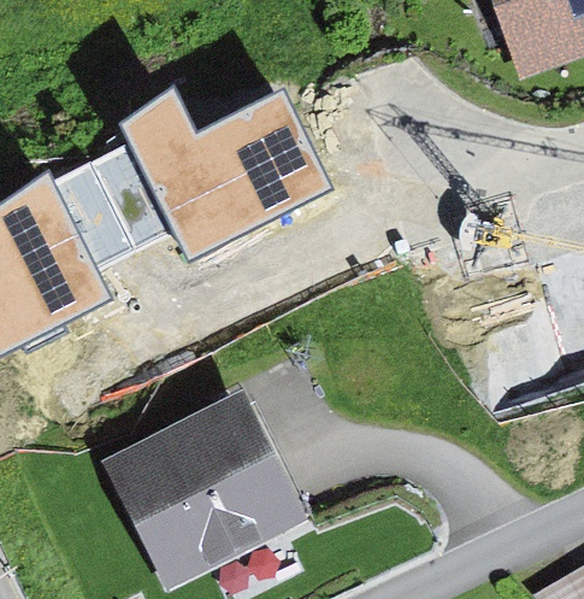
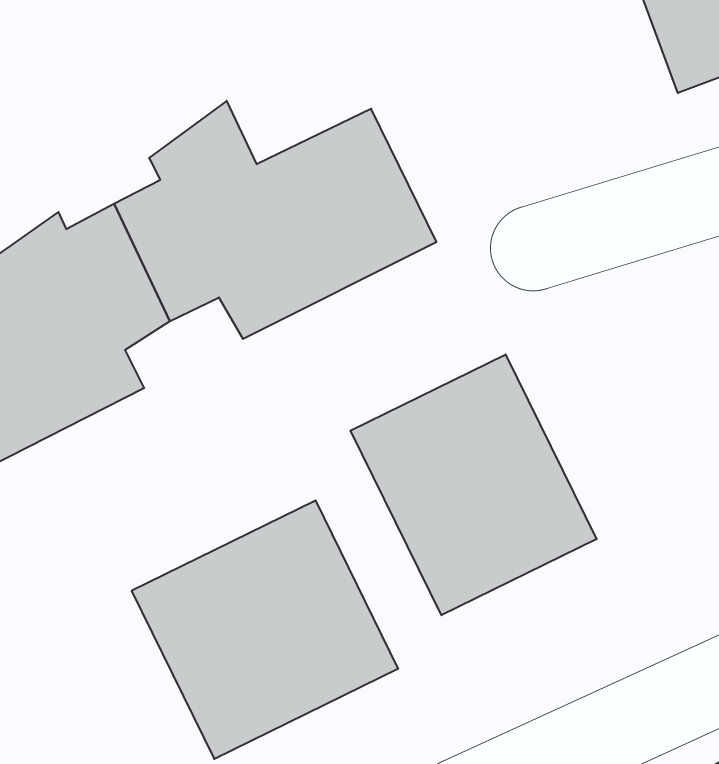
building: none -> [351,354,597,615]

